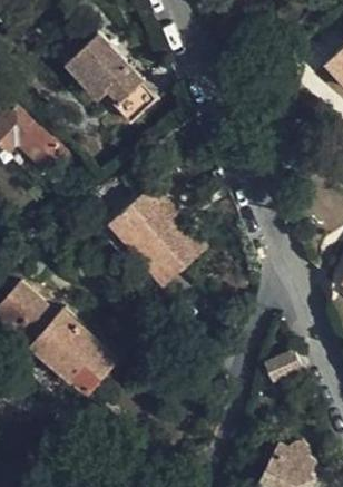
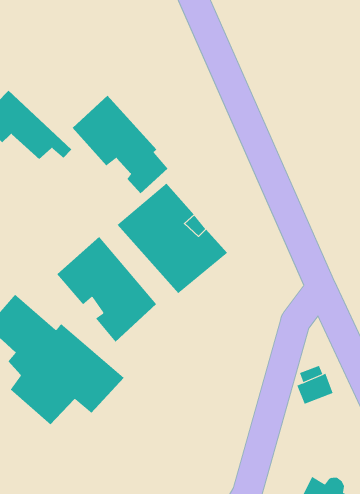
building: [68,33,153,120] -> [72,95,169,194]
building: none -> [57,236,157,342]

